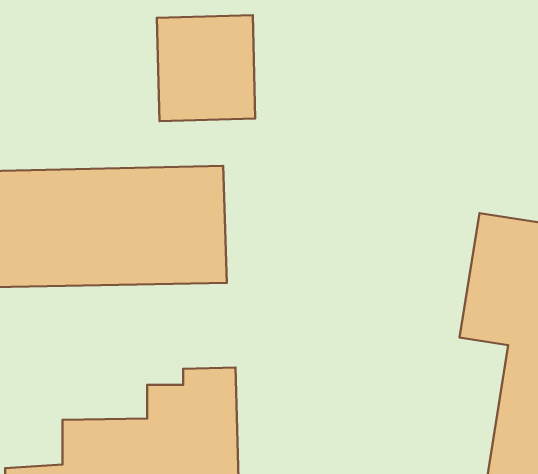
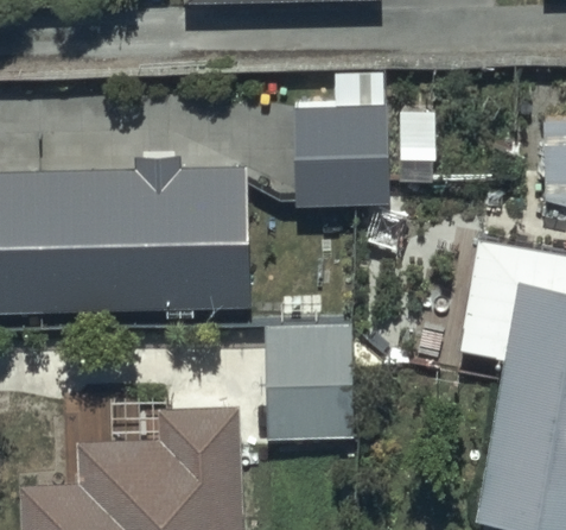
building: [157,15,255,121] -> [290,124,383,225]
building: none -> [265,326,355,454]

